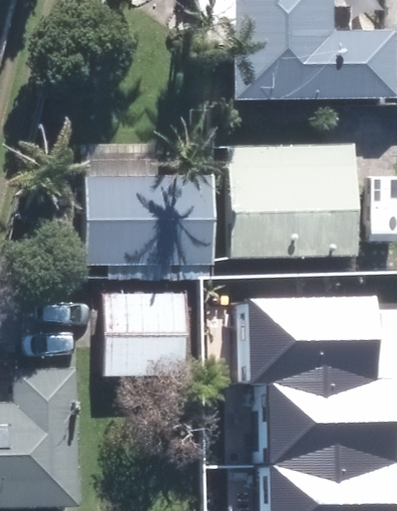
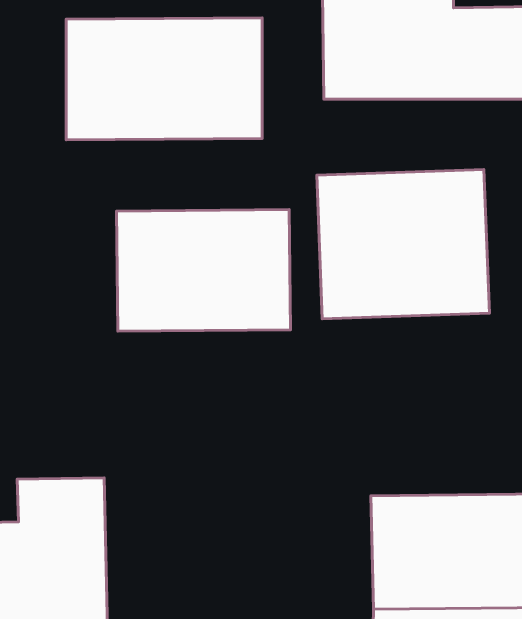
building: none -> [66,18,262,140]
building: [103,296,189,381] -> none
building: [250,298,375,384] -> none

